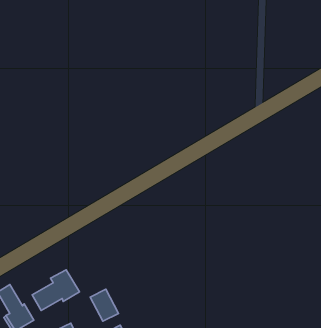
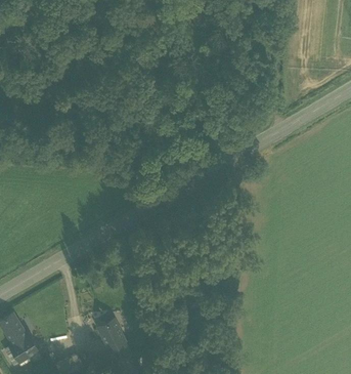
building: [32,270,79,311] -> none

